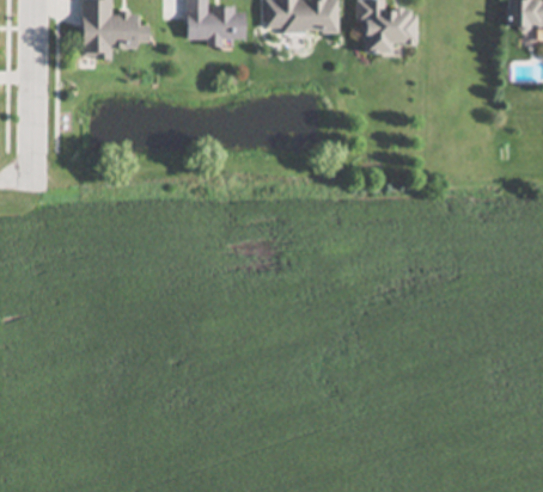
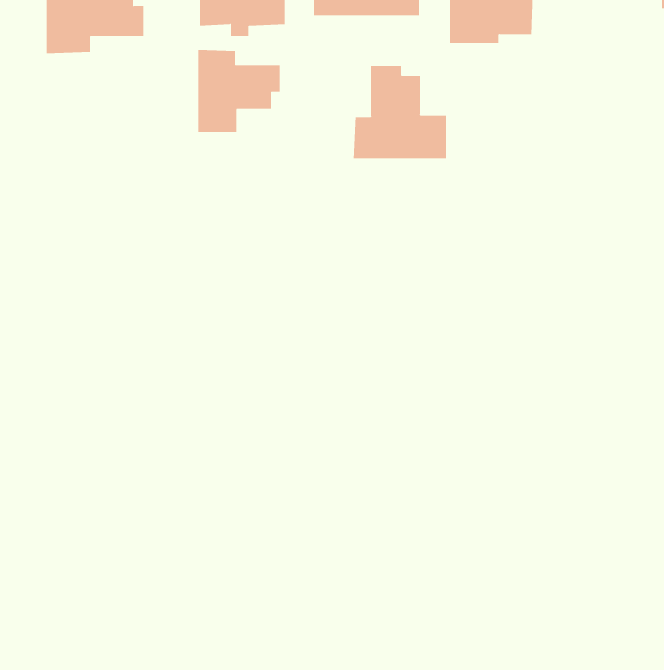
building: none -> [198,49,280,133]
building: none -> [353,65,446,159]

